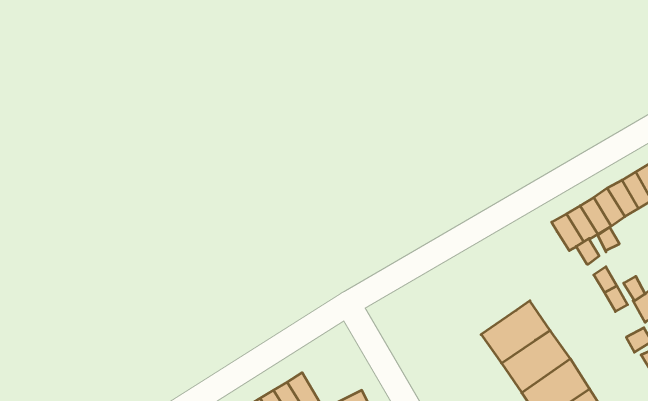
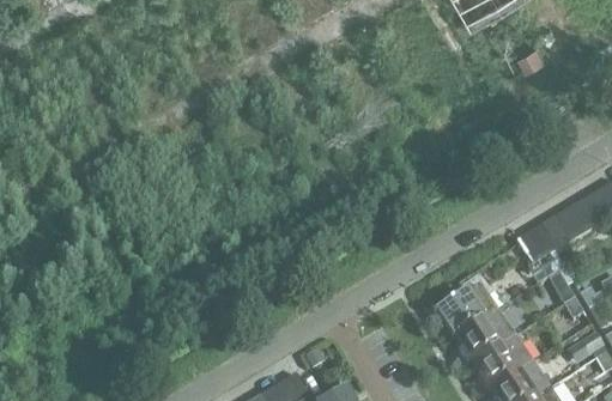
building: none -> [437,281,498,338]

